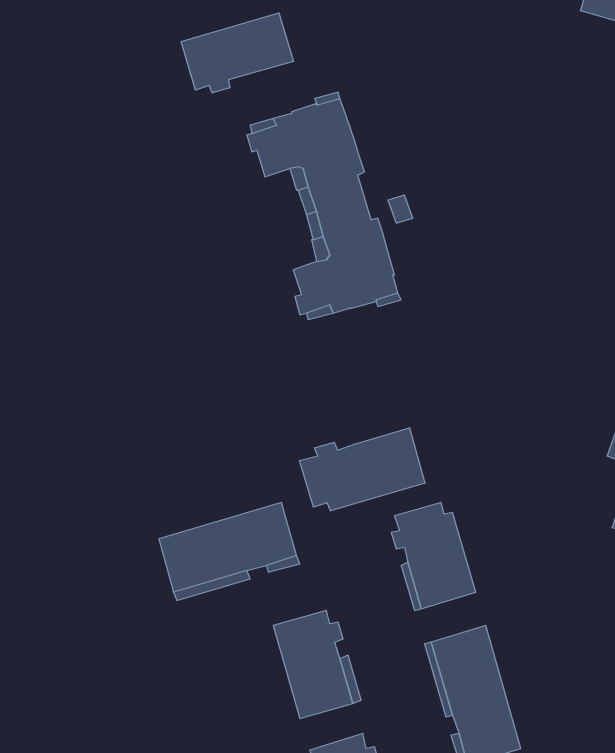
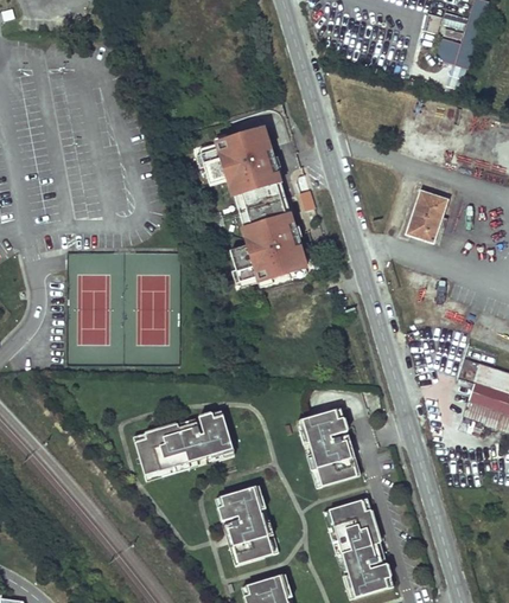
building: [181,13,293,93] -> none
building: none -> [407,190,447,240]
building: [300,428,425,511] -> none

